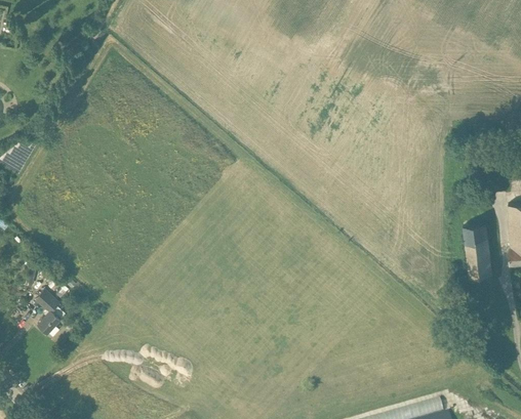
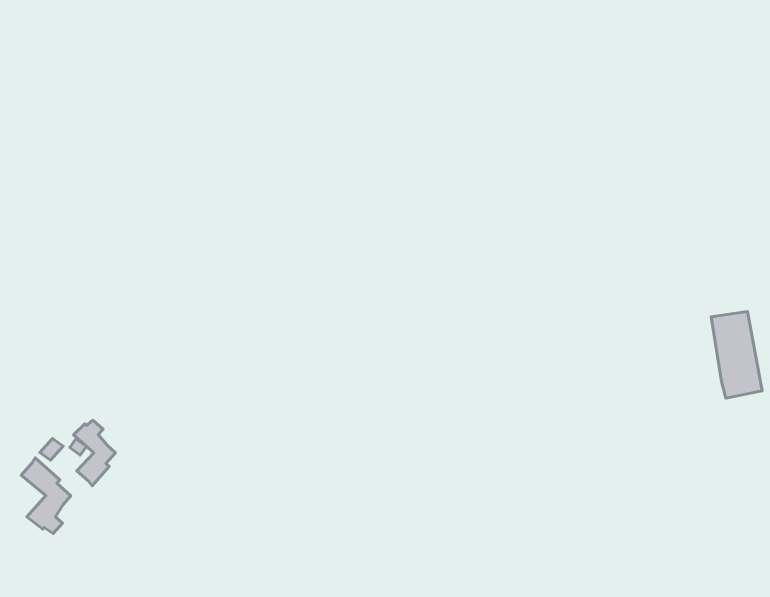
building: none -> [74,420,116,486]

